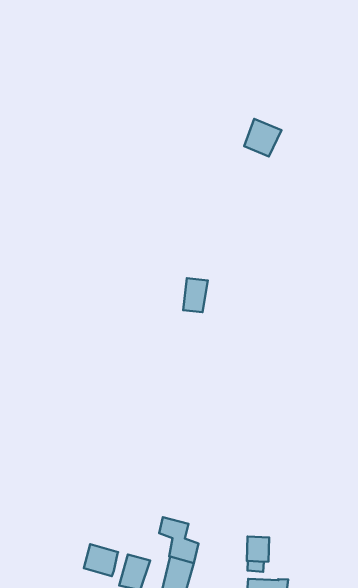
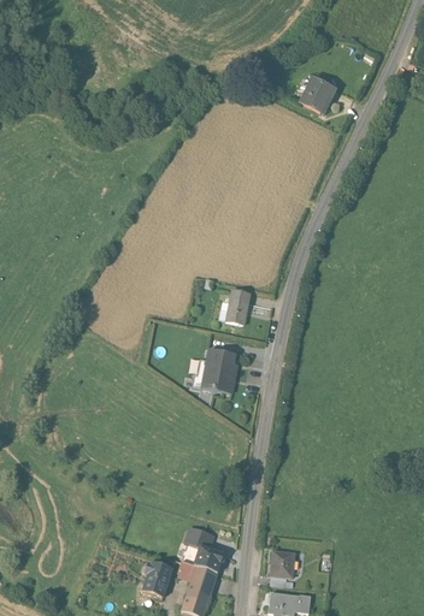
building: [244,119,282,156] -> [300,75,338,113]
building: none -> [200,349,237,393]
building: [84,544,118,576] -> none

